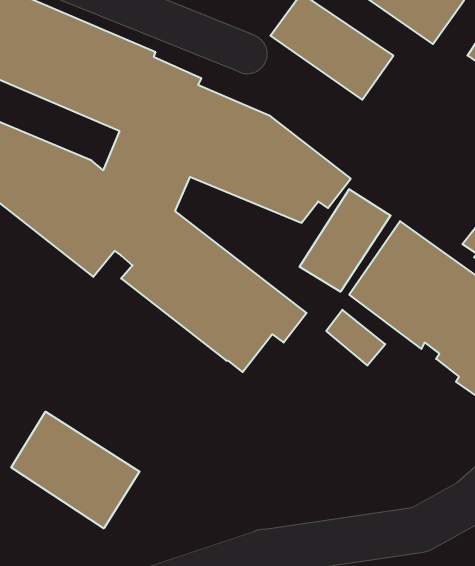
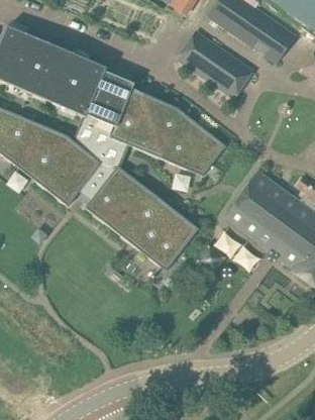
building: [300,189,391,292] -> none
building: [11,412,140,528] -> none

